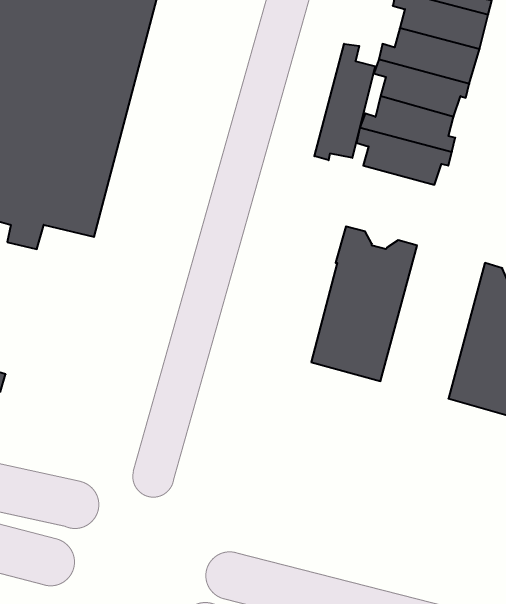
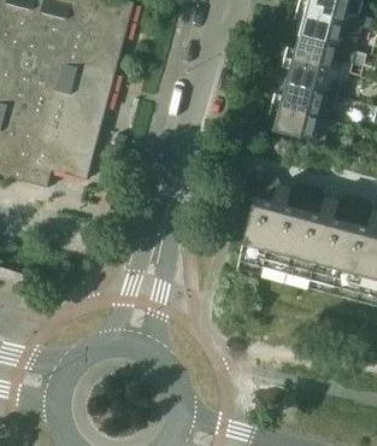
building: [314,44,375,160] -> none
building: none -> [285,186,358,292]

